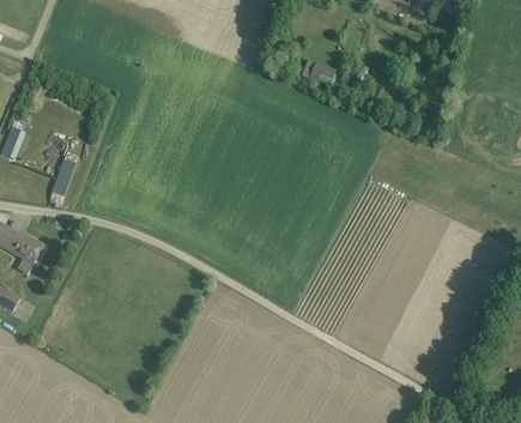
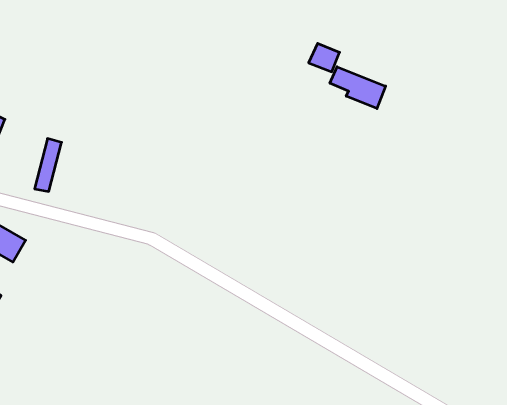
building: none -> [330,67,386,109]

